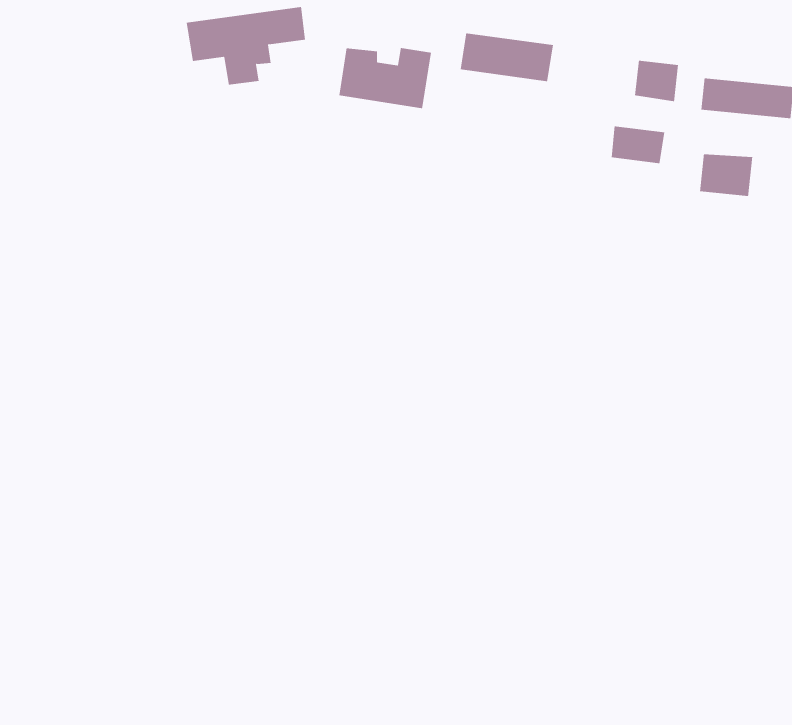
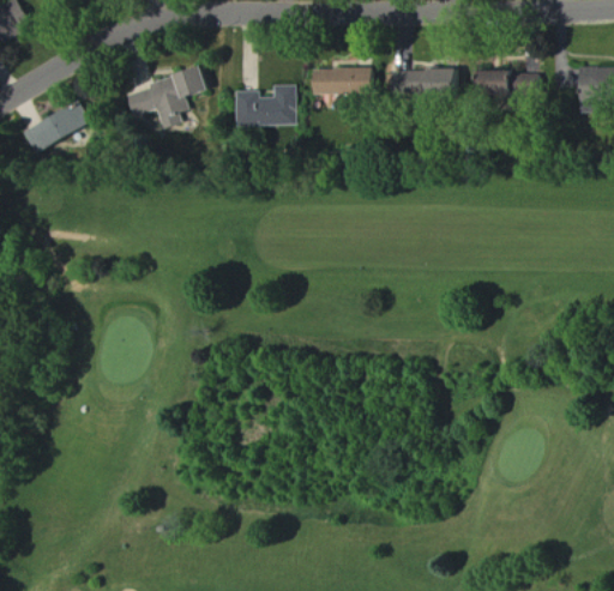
building: none -> [24,102,90,152]
building: [611,126,665,164] -> [392,70,427,92]
building: [699,153,753,197] -> none

